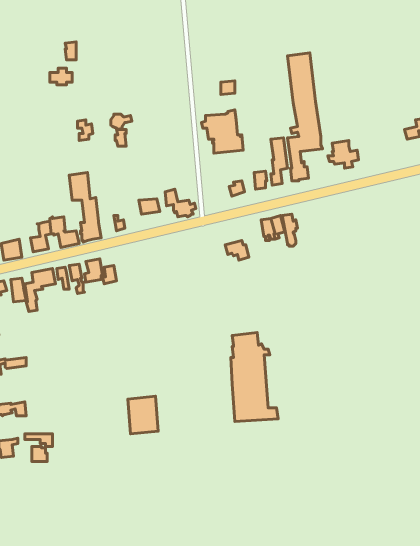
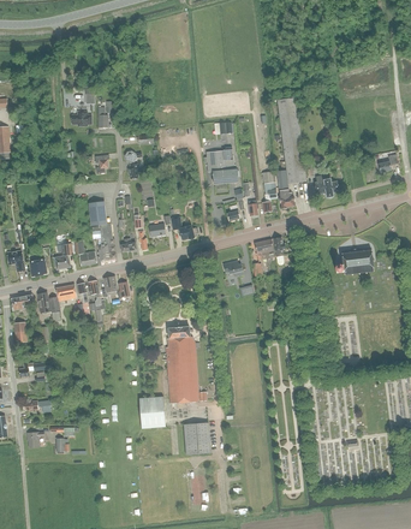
building: none -> [334,248,374,274]
building: [231,333,278,422] -> [166,325,207,402]
building: none -> [183,422,210,454]

